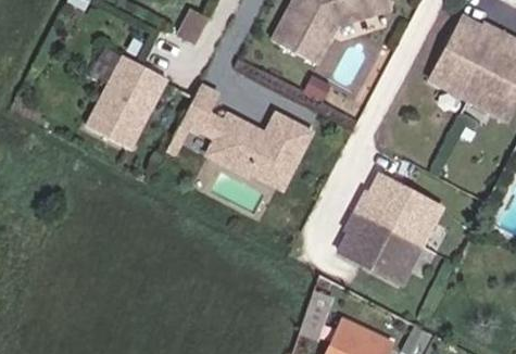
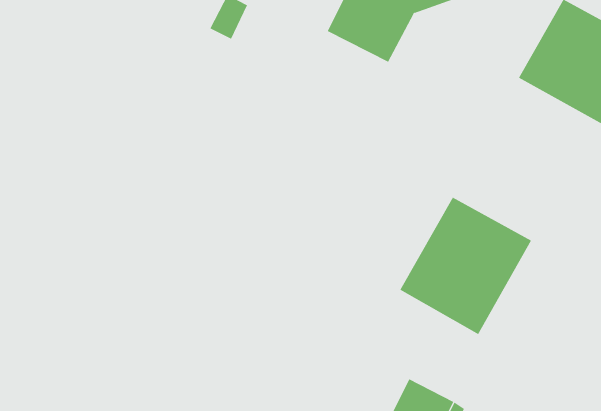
building: [92,55,172,150] -> none
building: [185,88,315,188] -> none

